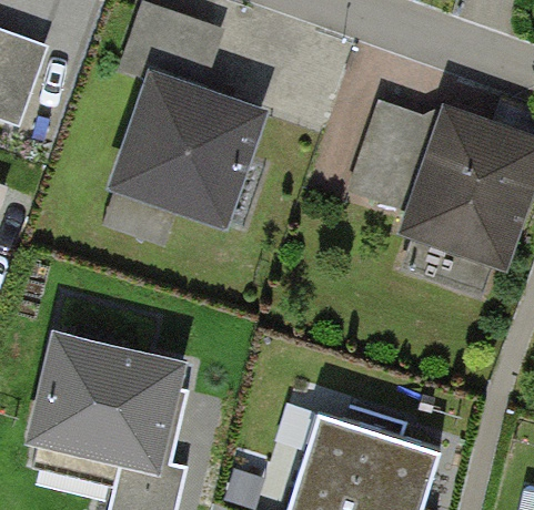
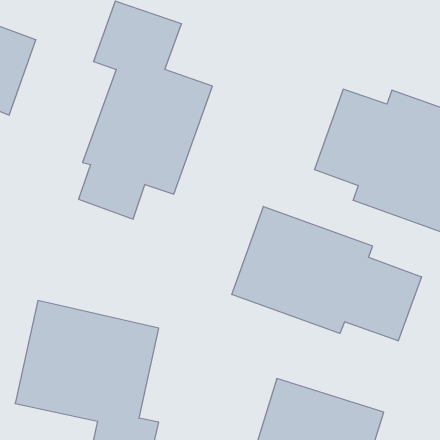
building: none -> [232,206,421,341]

